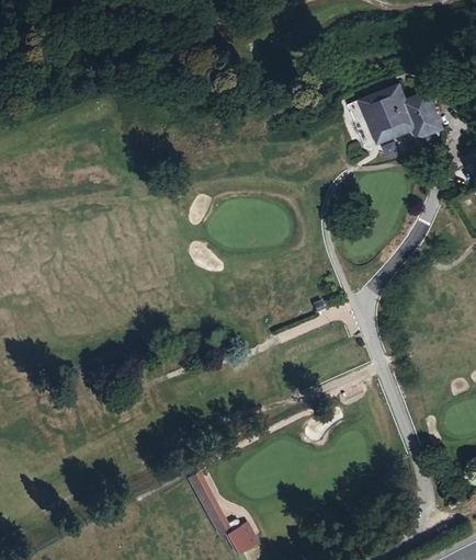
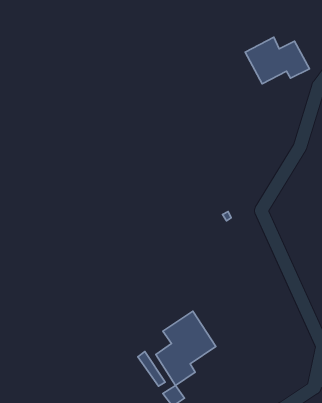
building: [352,100,384,148] -> none
building: none -> [156,311,216,385]

